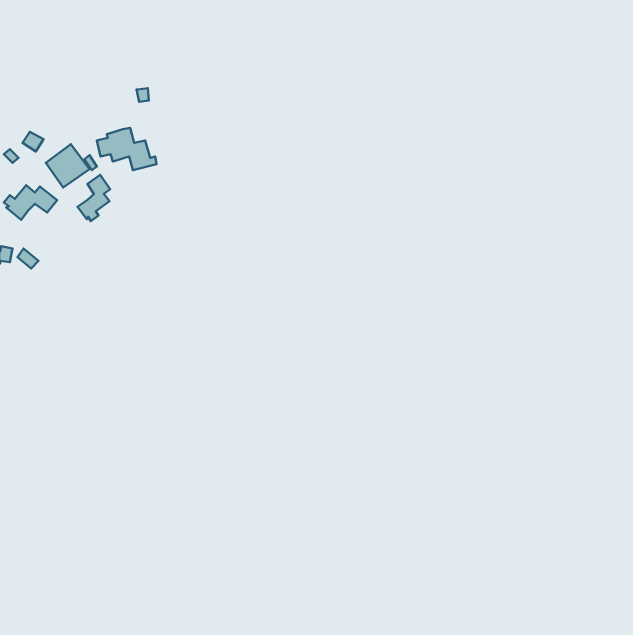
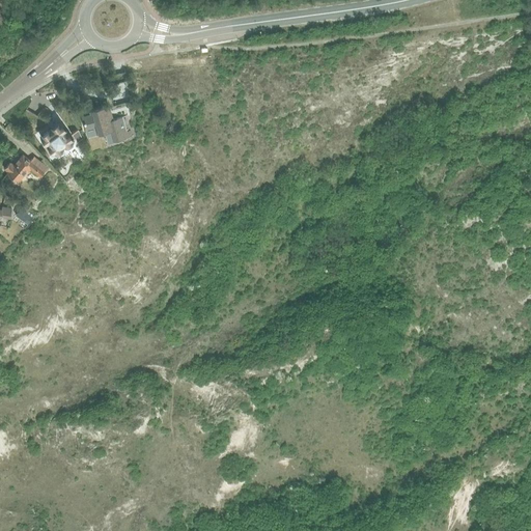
building: [77,175,110,221] -> none

